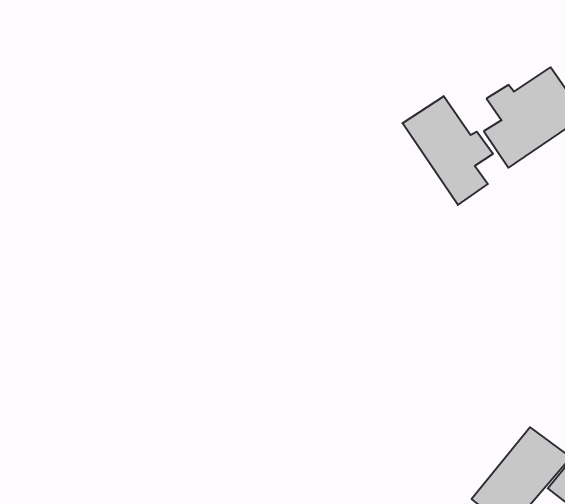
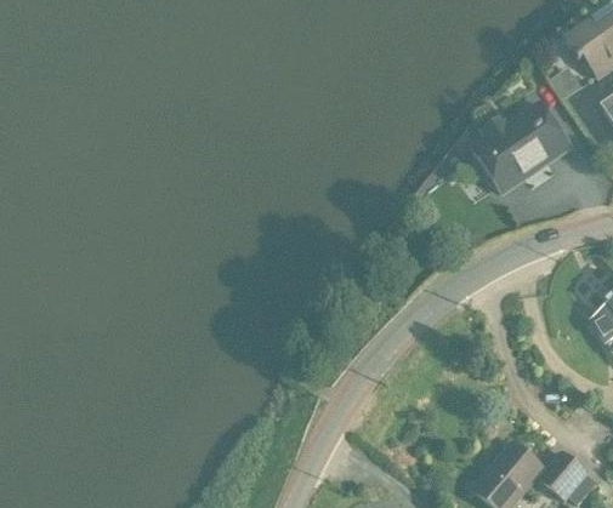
building: [402,96,493,205] -> none

